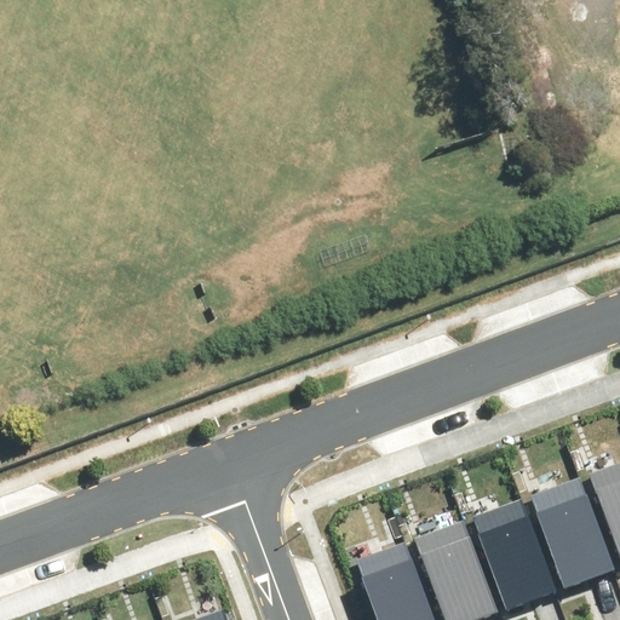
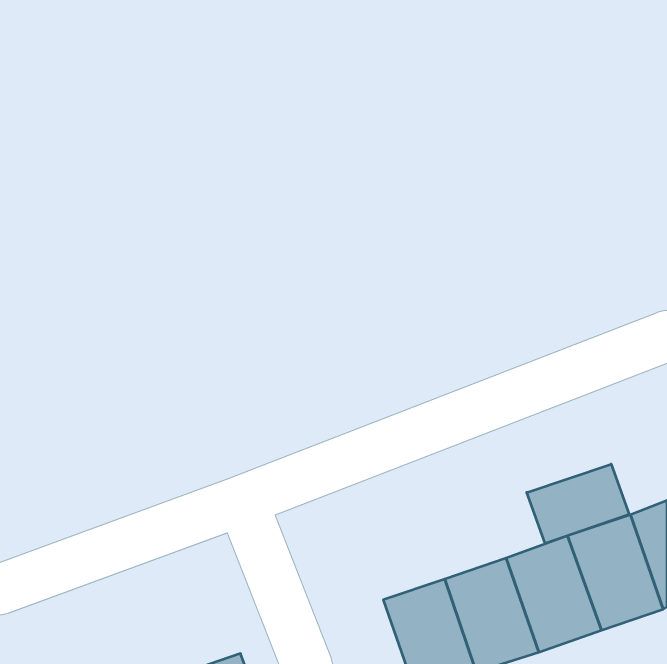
building: none -> [527,464,629,544]

